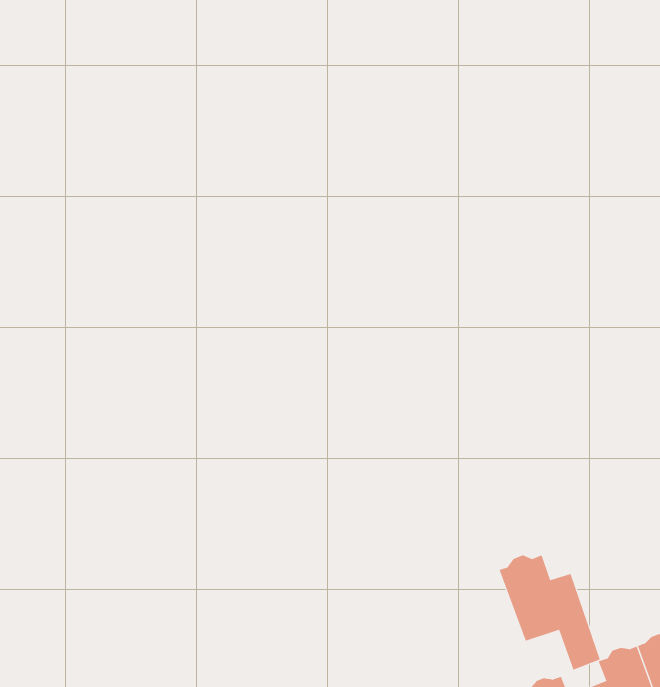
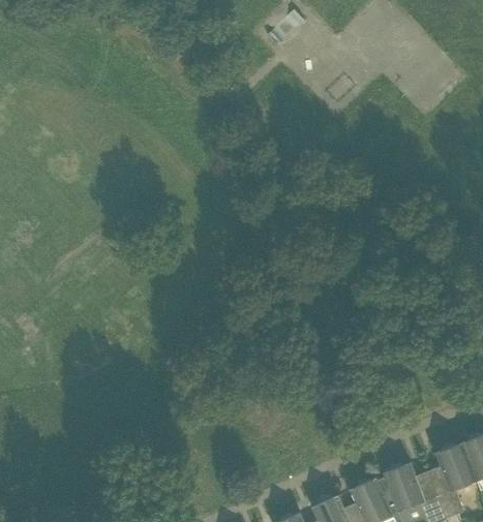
building: [499,554,601,671] -> none

